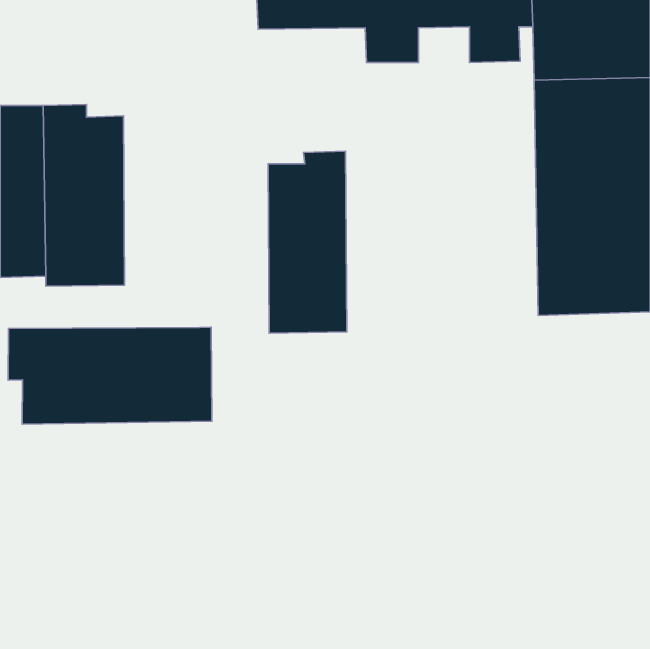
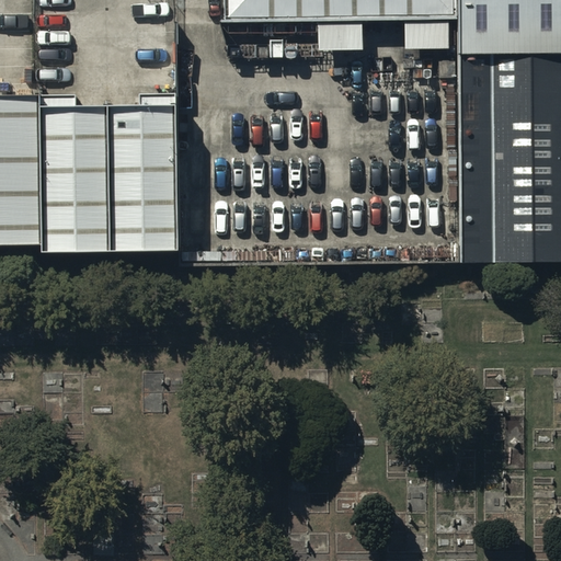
building: [268,151,347,333] -> [106,89,174,245]
building: [8,327,212,424] -> none

